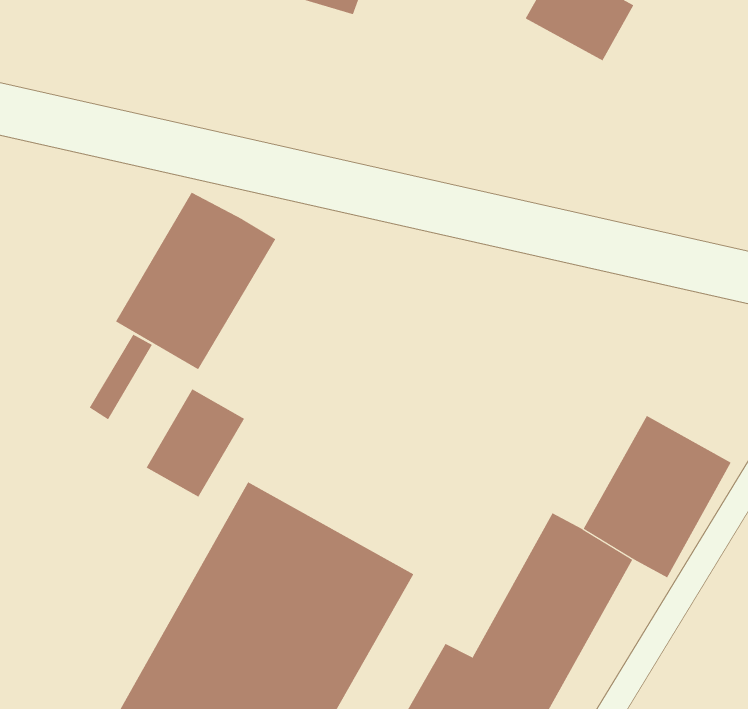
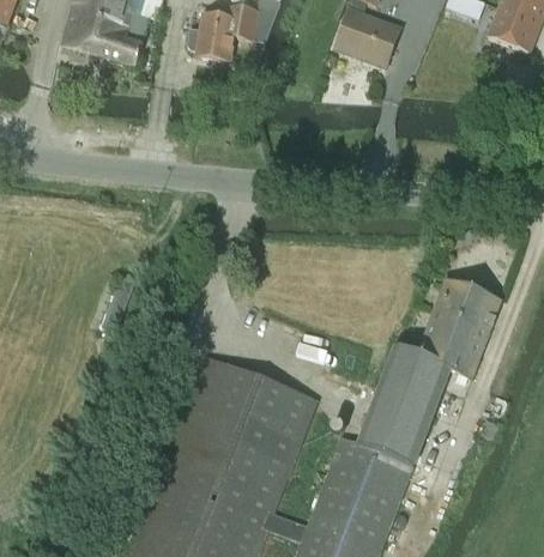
building: [115,192,276,370] -> none
building: [146,389,245,498] -> none

